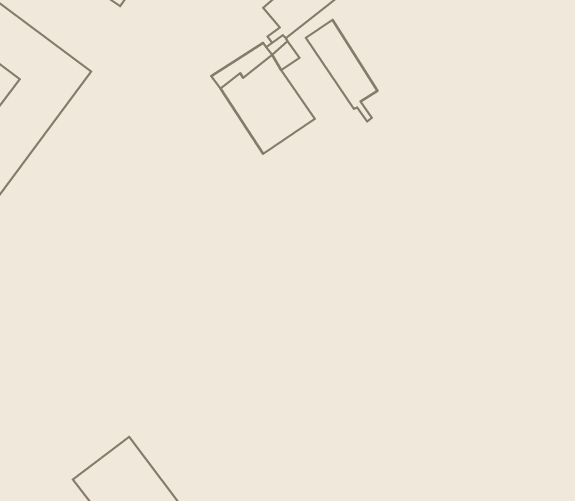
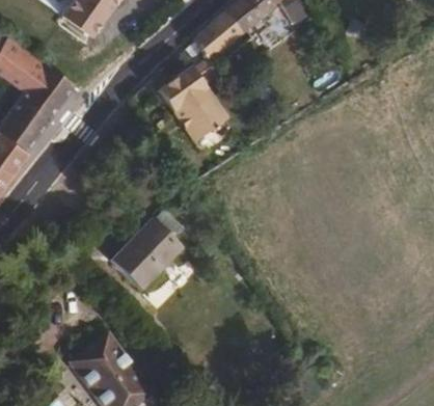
building: [306,20,378,121] -> none
building: none -> [111,222,180,294]

